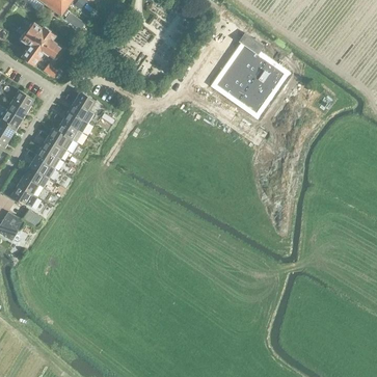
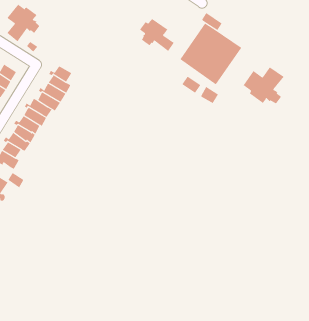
building: none -> [139,18,174,52]
building: none -> [243,67,284,104]

